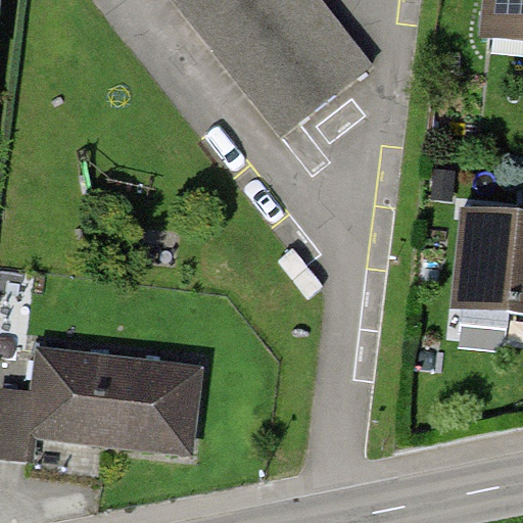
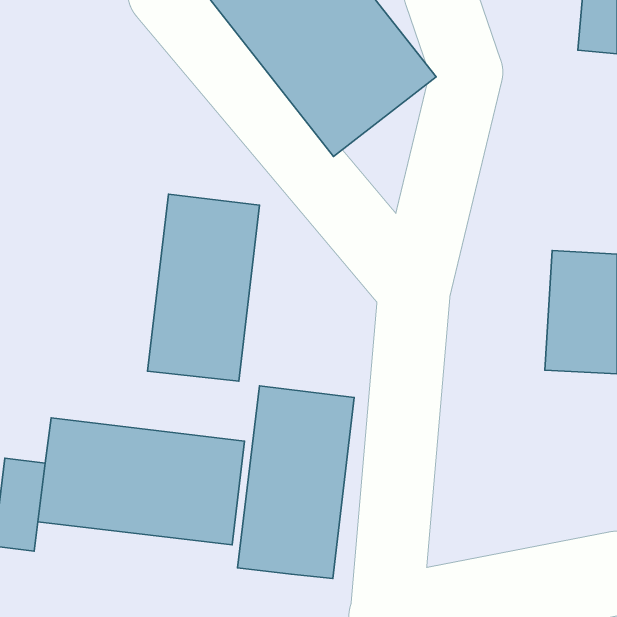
building: none -> [148,194,260,381]
building: none -> [238,386,354,578]

